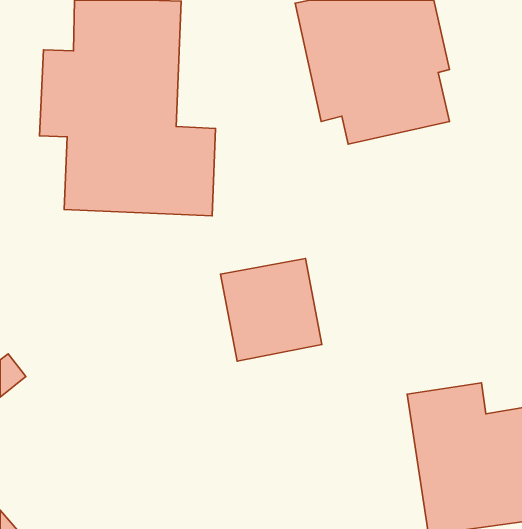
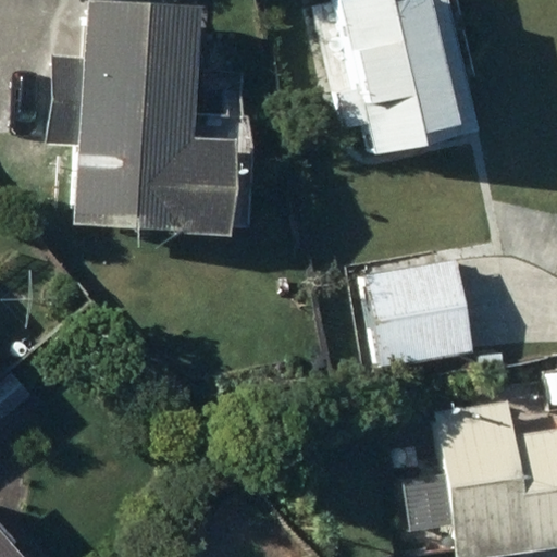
building: [220,258,322,361] -> [368,260,474,368]

